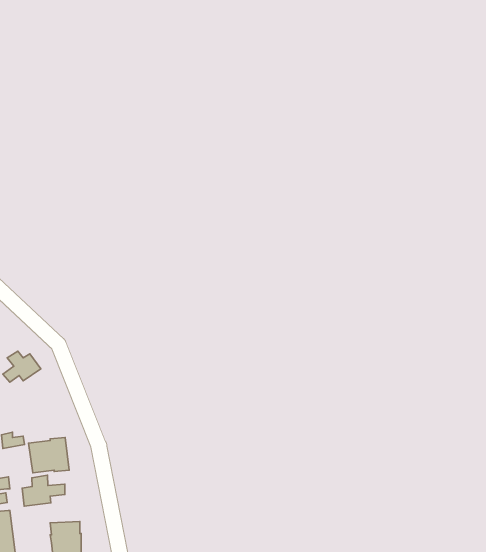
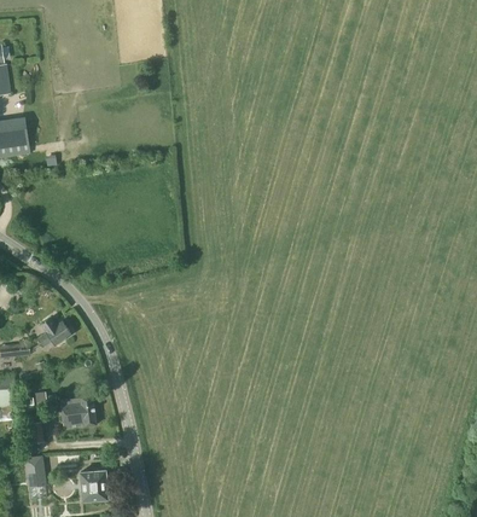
building: [22,475,65,506] -> none

